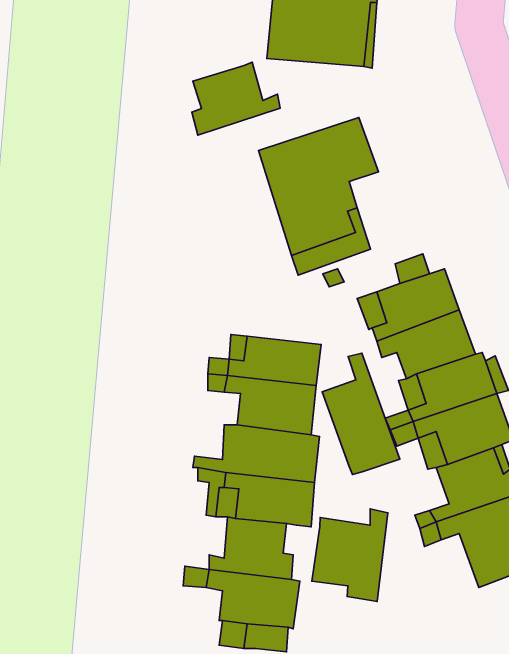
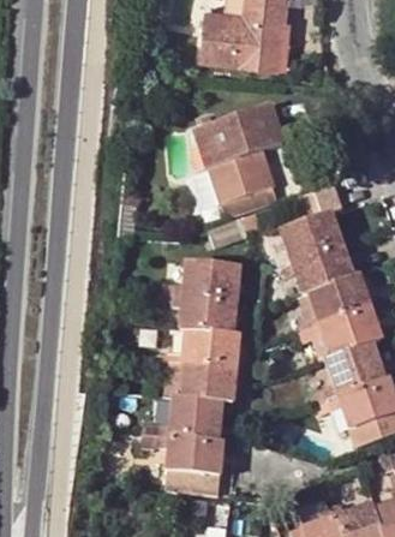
building: [192,62,280,135] -> none
building: [322,353,400,475] -> none
building: [312,509,388,602] -> none

